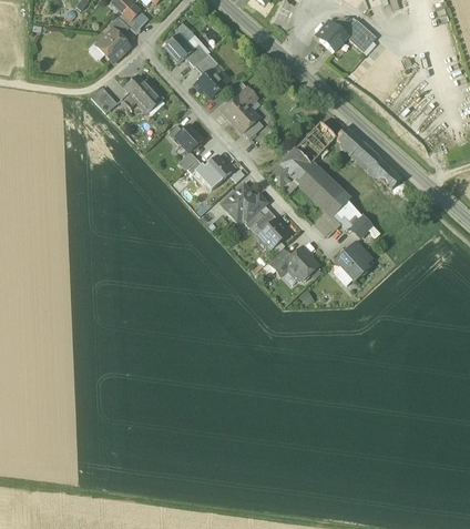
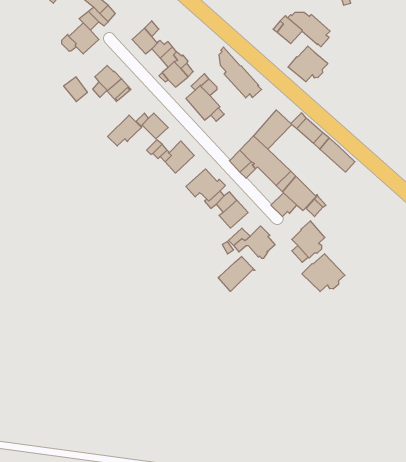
building: none -> [288,46,328,82]
building: none -> [219,47,262,98]
building: none -> [108,115,142,146]
building: none -> [302,254,345,292]
building: none -> [218,256,255,291]

